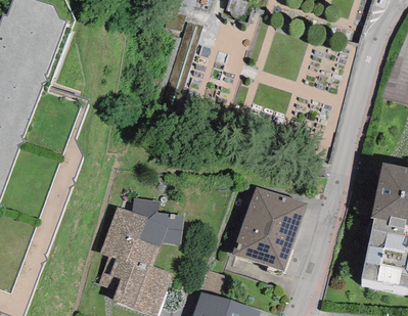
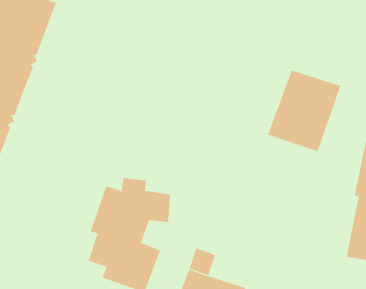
building: [231,187,307,271] -> [267,70,341,152]

